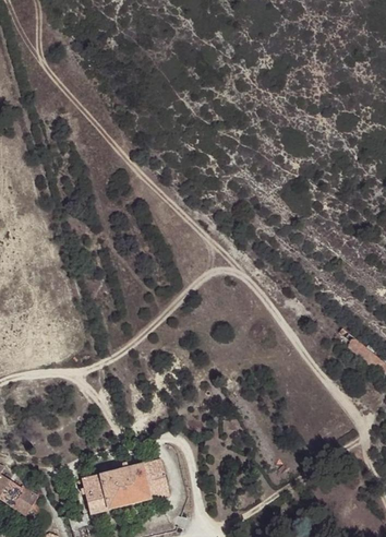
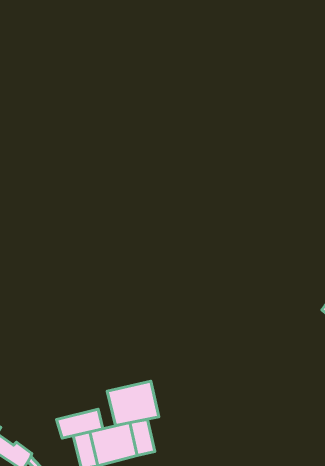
building: none -> [107,381,159,425]
building: none -> [56,409,103,438]

